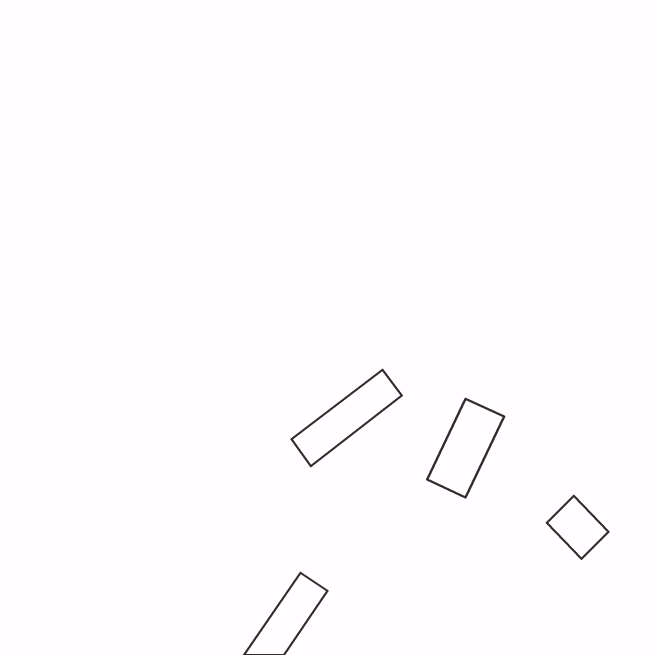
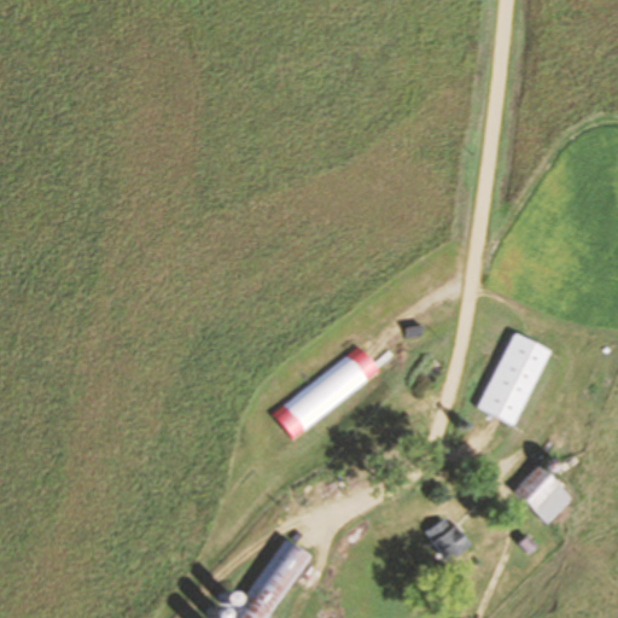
building: [427,399,504,498] -> [478,333,550,426]
building: none -> [426,517,471,562]

